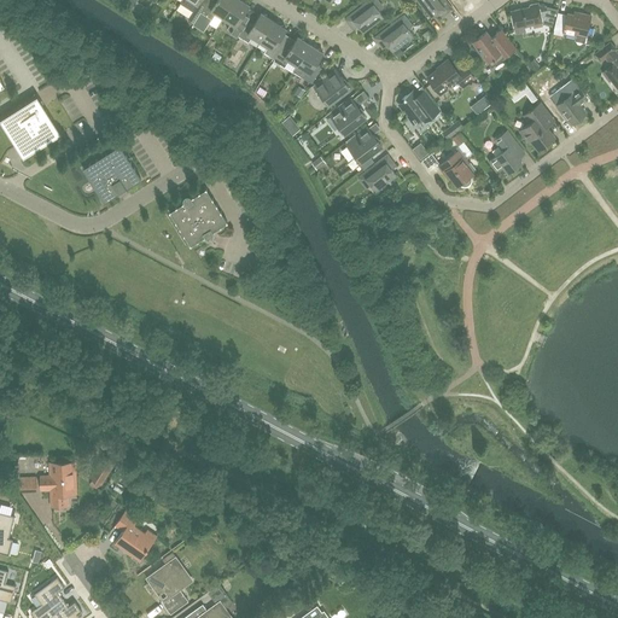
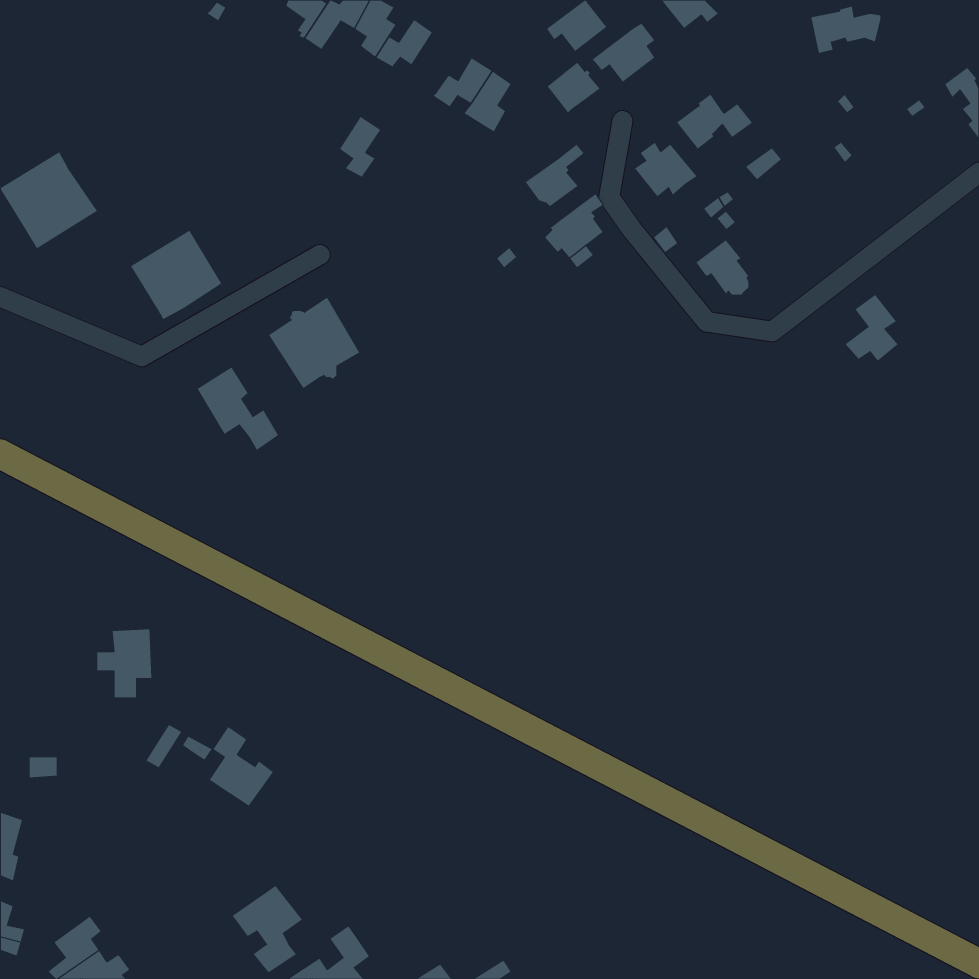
building: [553,12,590,35] -> none
building: [260,21,286,59] -> [339,116,381,178]
building: [474,29,515,68] -> none
building: [315,71,349,104] -> [547,62,601,113]
building: [556,80,588,124] -> none
building: [519,103,554,150] -> none
building: [488,130,521,173] -> [845,294,899,361]
building: [356,154,396,191] -> none
building: none -> [197,366,279,451]
building: [40,462,75,506] -> [96,629,152,698]
building: [113,509,154,560] -> [209,726,274,807]

